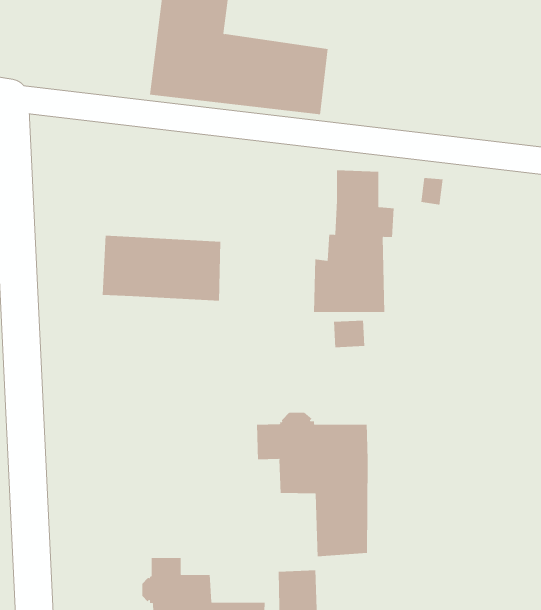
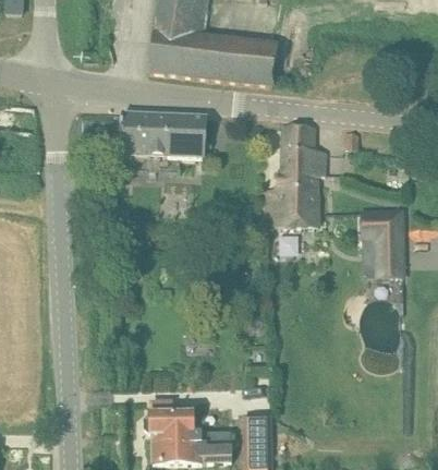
building: [102,235,221,301] -> [119,111,204,158]
building: none -> [361,209,402,276]
building: [256,412,368,557] -> none

